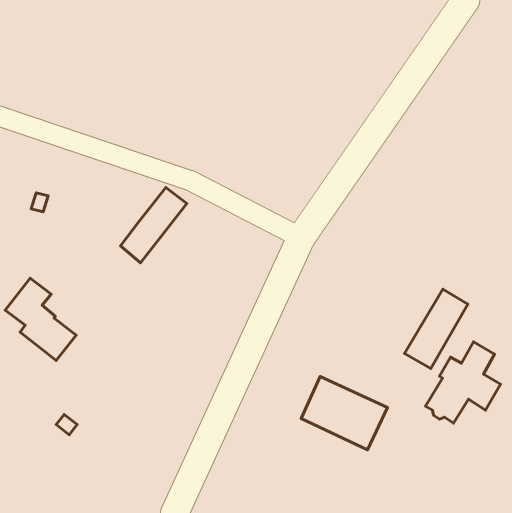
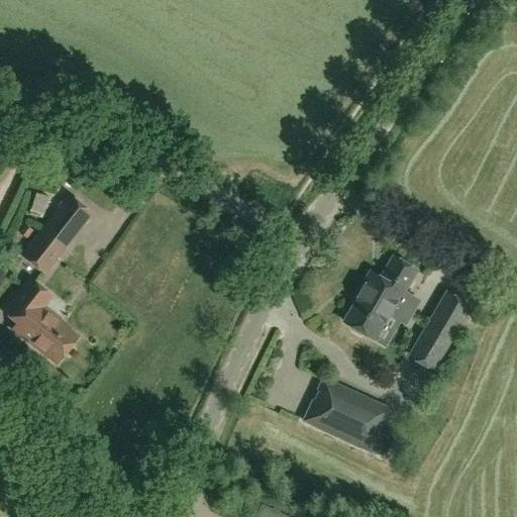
building: [121,188,187,263] -> [24,197,91,273]
building: [425,342,501,423] -> [346,257,422,339]

